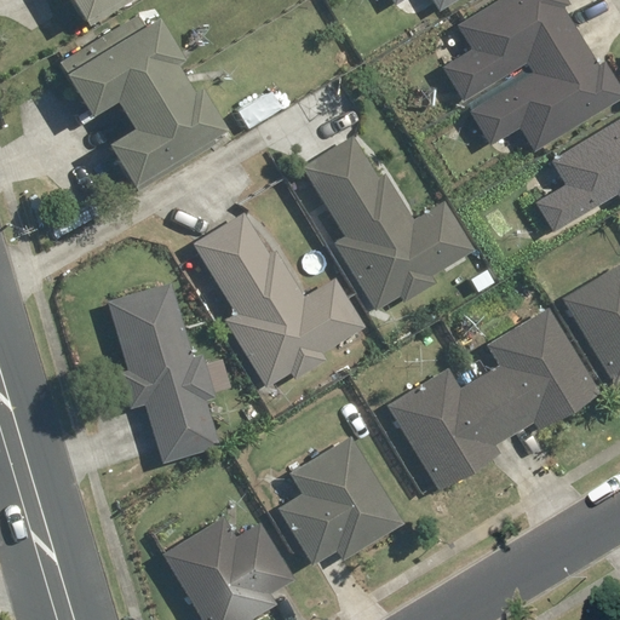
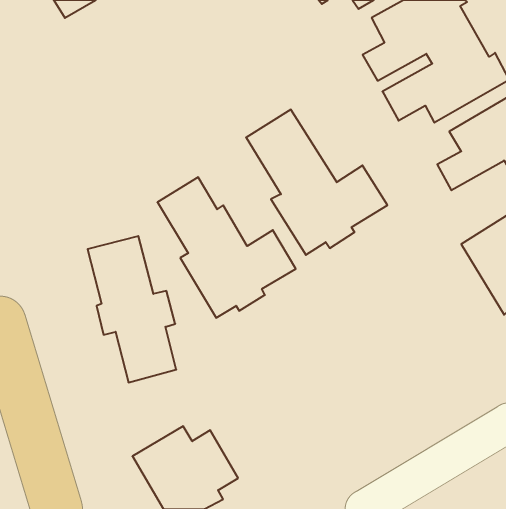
building: [58,16,226,182] -> none
building: [389,308,599,490] -> none
building: [277,438,400,564] -> none

